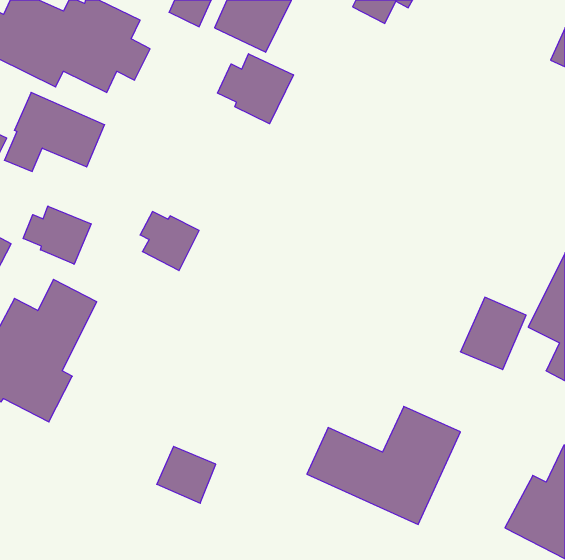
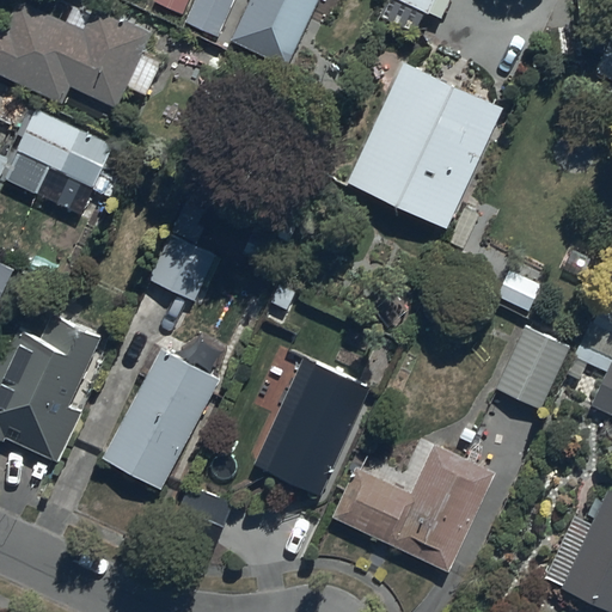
building: none -> [347,61,504,253]
building: [218,54,293,124] -> none
building: [23,206,91,264] -> none
building: none -> [102,347,221,489]
building: none -> [255,357,368,492]

